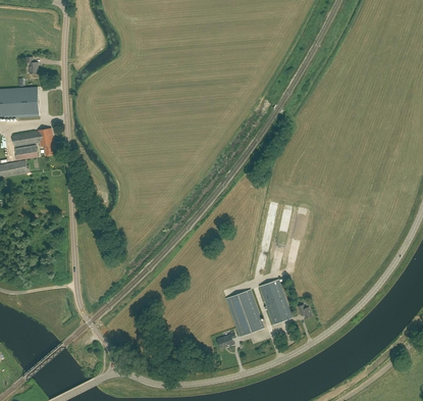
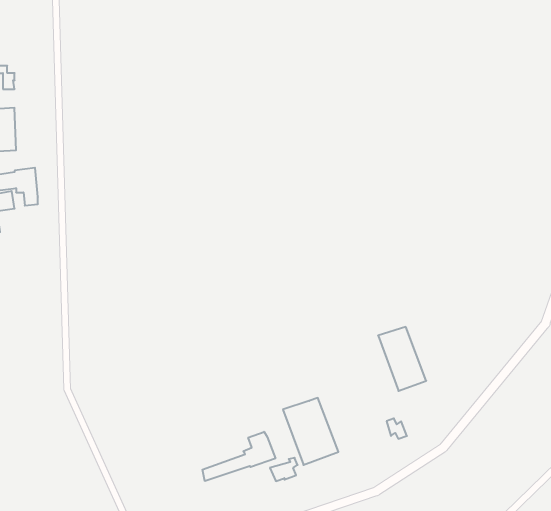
building: [259,280,293,324] -> [378,327,426,391]
building: none -> [202,432,275,481]

